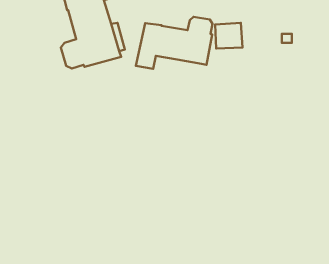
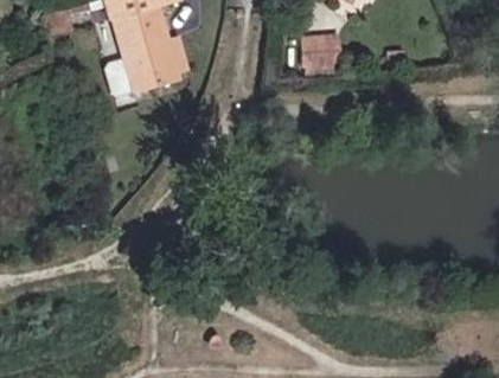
building: [136,17,213,69] -> none

